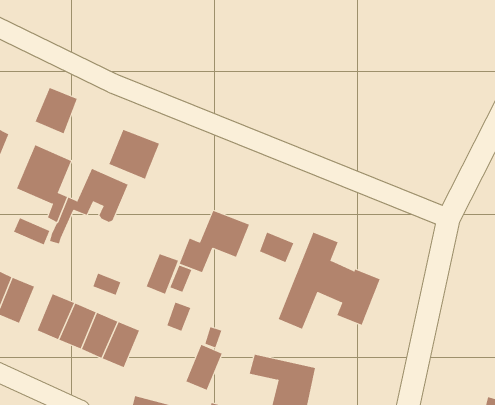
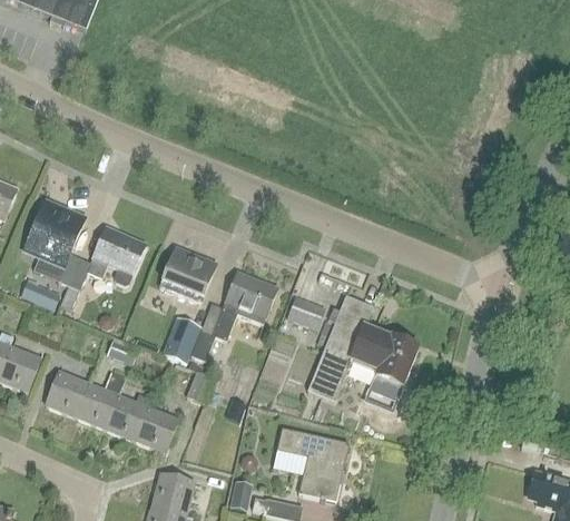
building: [35,87,78,134] -> none
building: [108,129,160,180] -> [159,247,215,302]
building: [185,344,222,391] -> [140,402,180,452]

